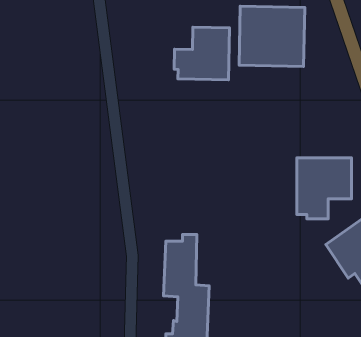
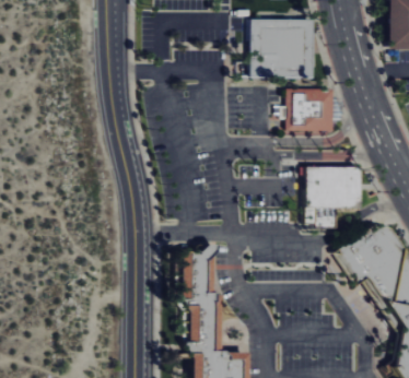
building: [174,27,229,80] -> none
building: none -> [290,88,336,132]

